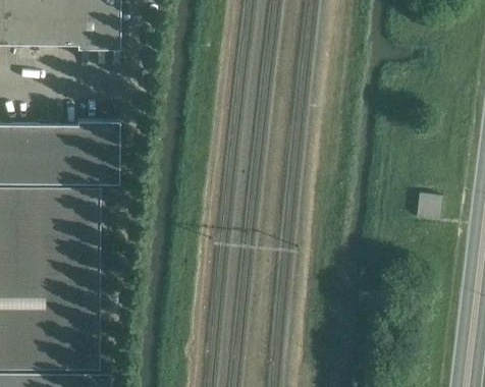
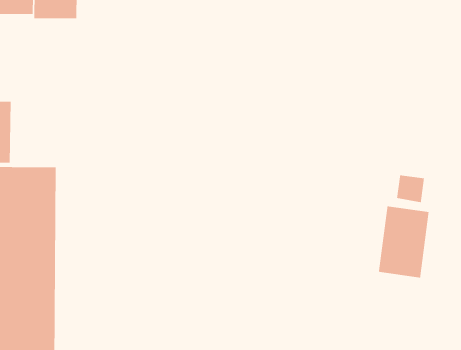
building: [56,123,118,185] -> none
building: none -> [378,205,429,278]

